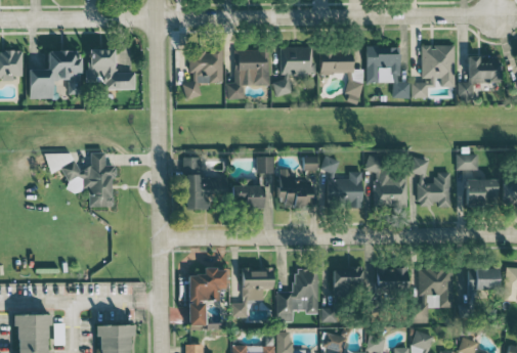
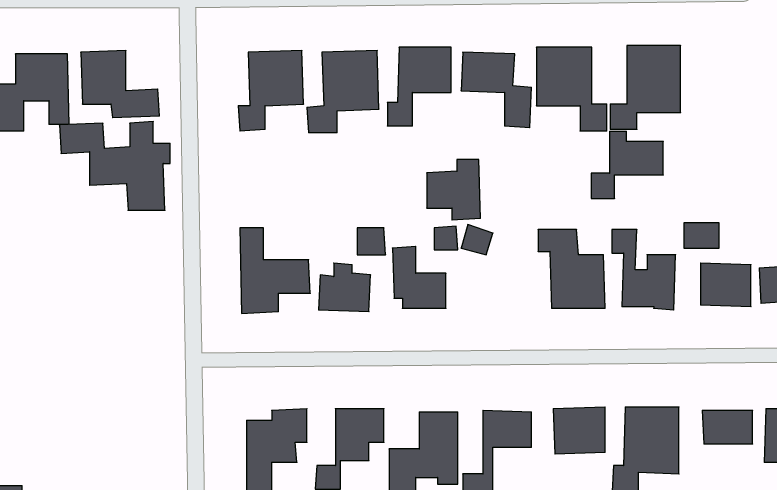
building: [457,56,501,97] -> [591,131,663,198]
building: [47,152,115,207] -> [59,122,170,210]
building: [330,172,362,209] -> [427,160,480,220]

